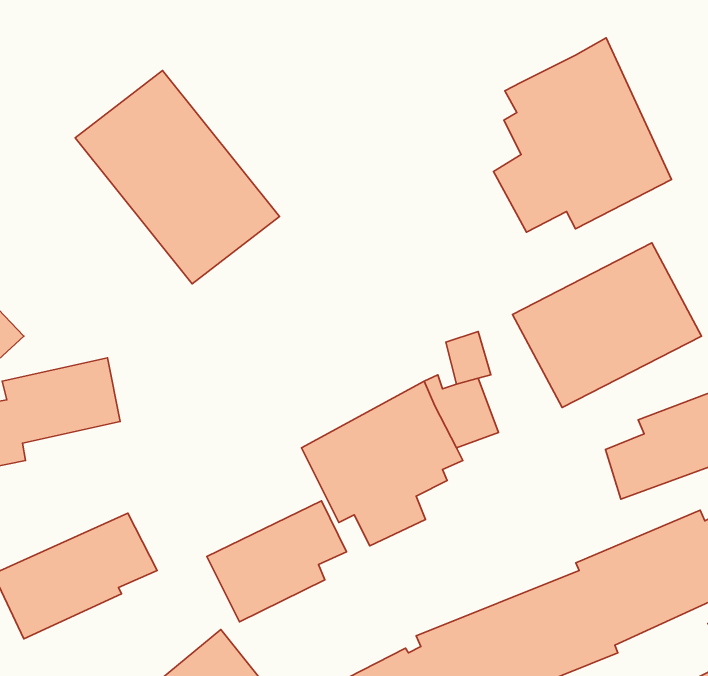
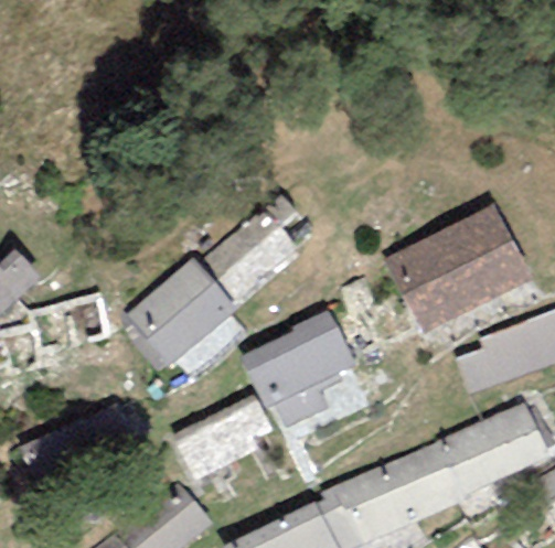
building: [494,38,671,232] -> none
building: [75,71,279,284] -> none
building: none -> [126,197,298,373]

